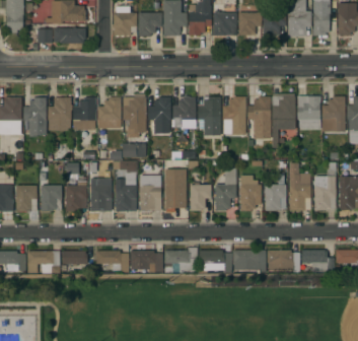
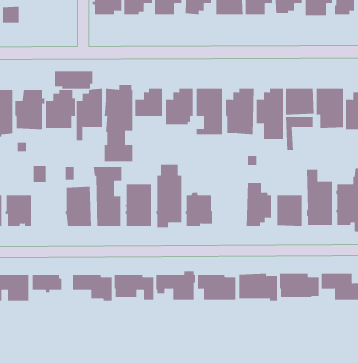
building: [54,28,86,44] -> [54,71,93,89]
building: [214,168,236,211] -> none
building: [65,179,87,211] -> none

